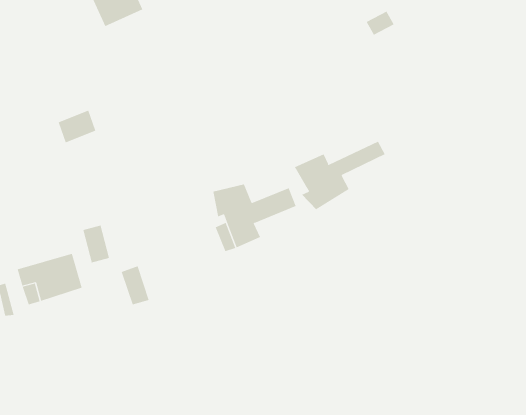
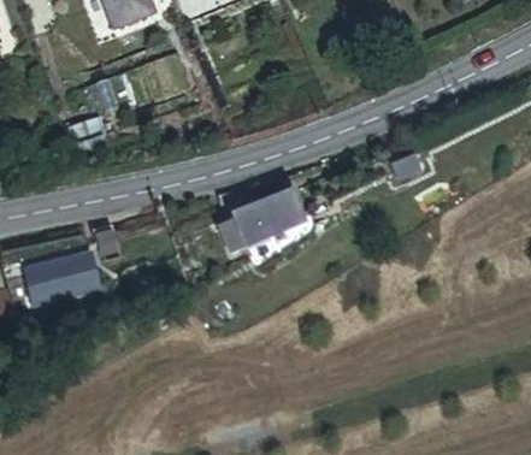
building: [294,141,386,210] -> none

